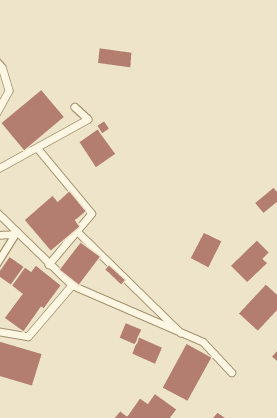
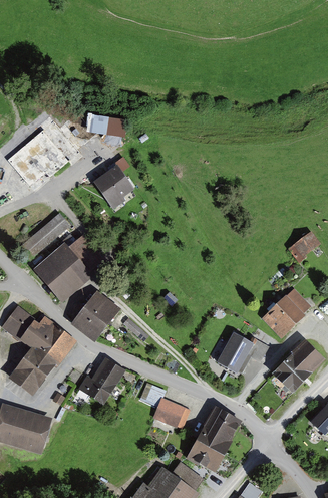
building: [97,48,132,68] -> [85,114,124,137]
building: none -> [22,215,71,260]
building: [190,232,222,268] -> [217,333,253,374]
building: none -> [77,358,123,404]

